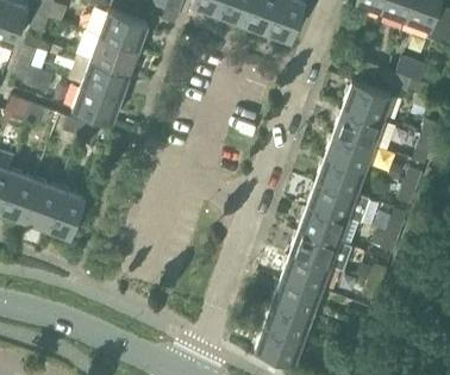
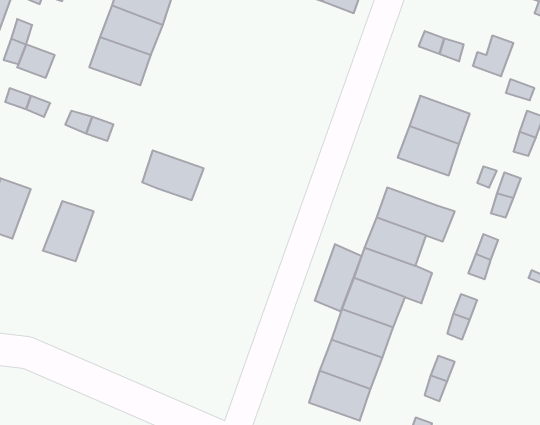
building: [343,82,392,121] -> none
building: [73,85,121,124] -> [142,150,204,200]
building: [317,156,365,194] -> none
building: [20,181,60,230] -> none
building: none -> [315,244,362,312]

